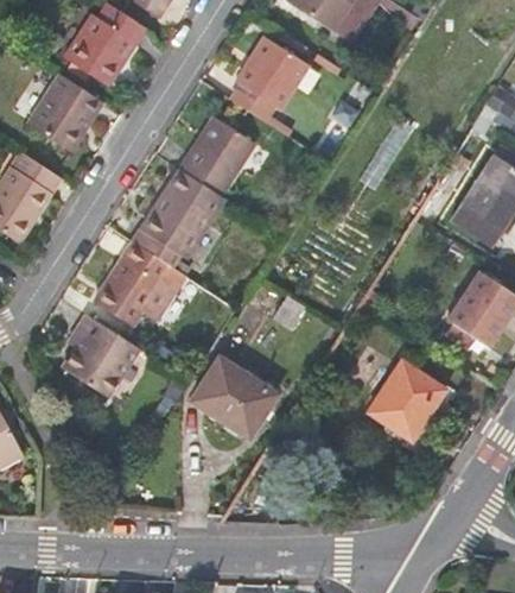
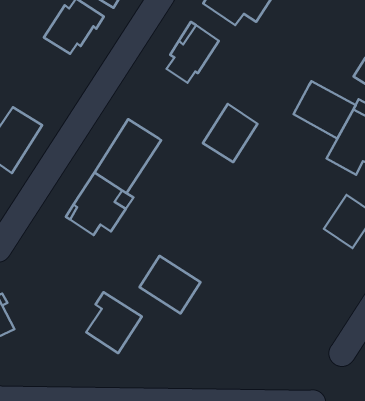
building: [27,75,101,152] -> none
building: [179,116,254,196] -> [203,104,257,162]
building: none -> [293,81,356,138]
building: [63,315,139,398] -> [86,292,142,353]
building: [367,359,441,439] -> none

